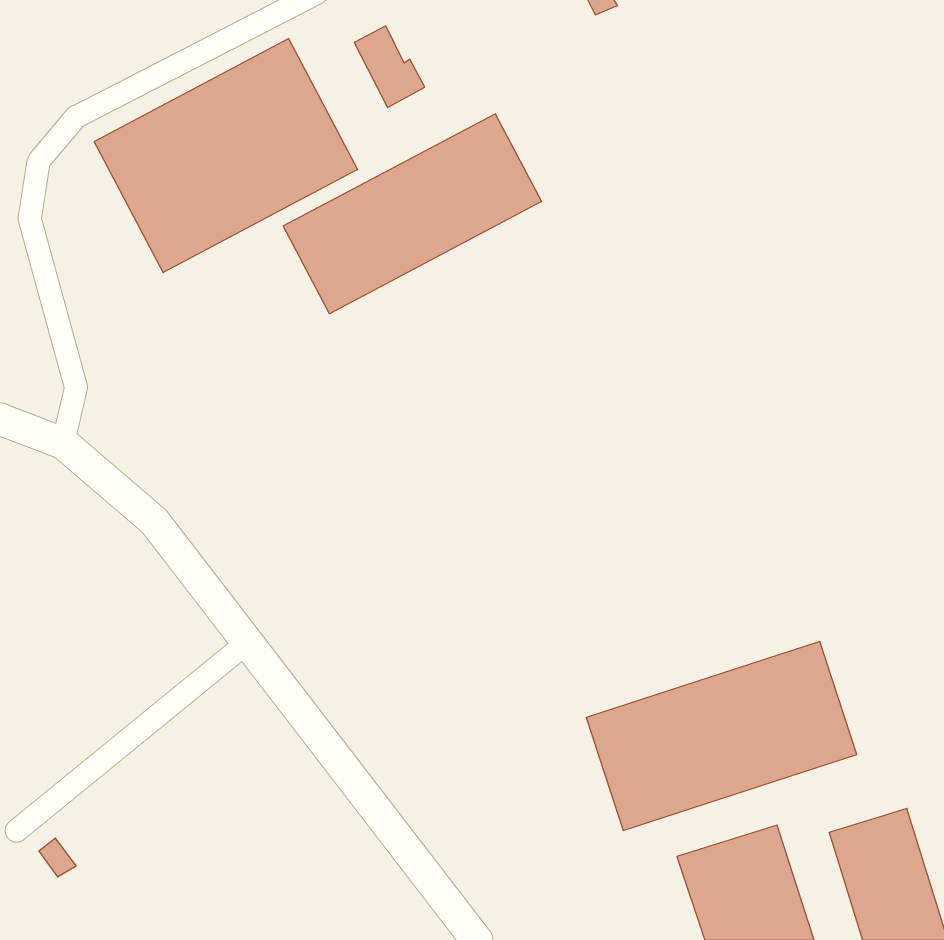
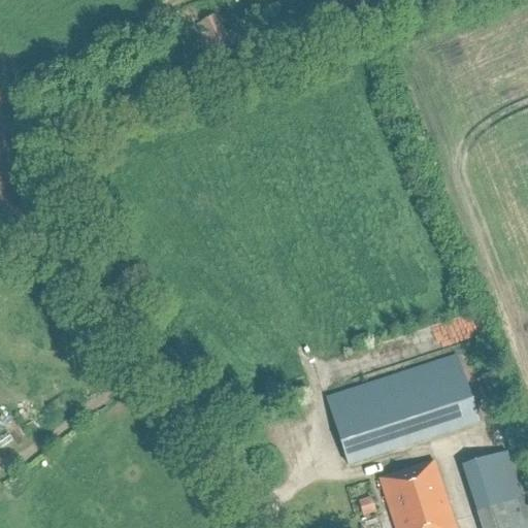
building: [94,39,358,273] -> none
building: [283,114,541,314] -> none

